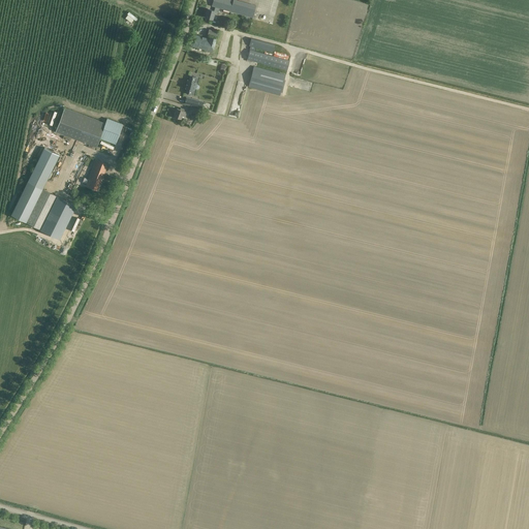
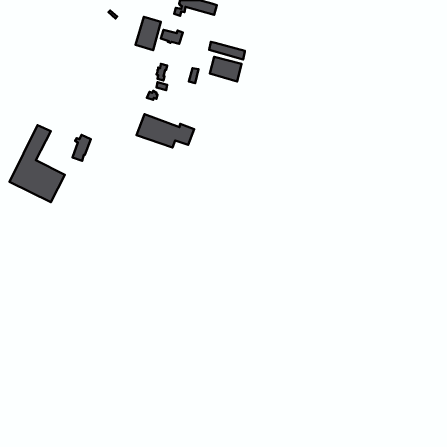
building: none -> [136,17,161,50]
building: [55,107,123,147] -> [137,114,194,147]

